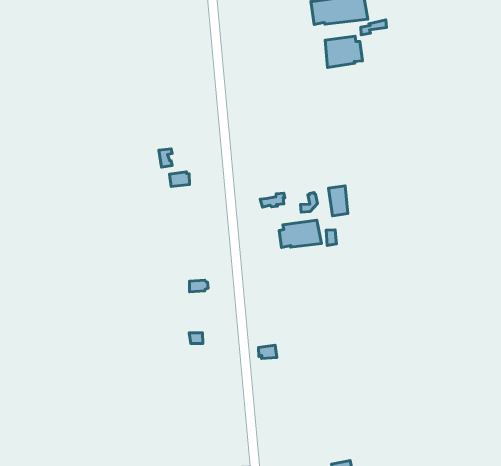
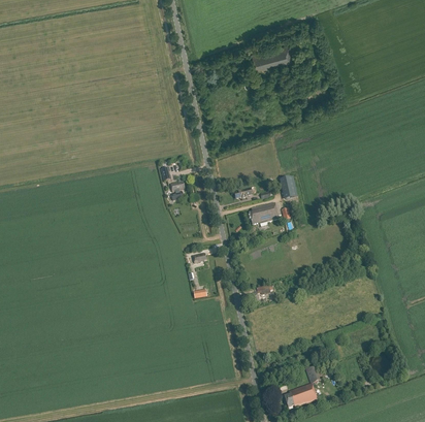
building: [325,36,363,68] -> none

